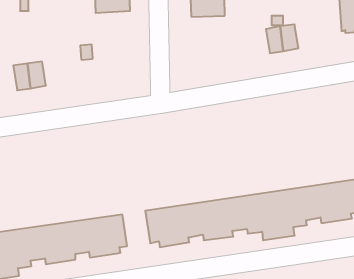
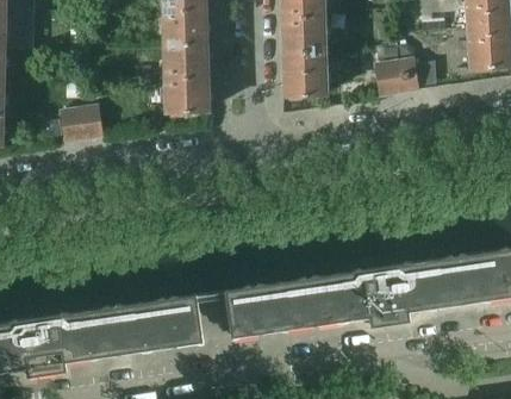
building: none -> [166,44,210,116]
building: none -> [285,50,328,99]

